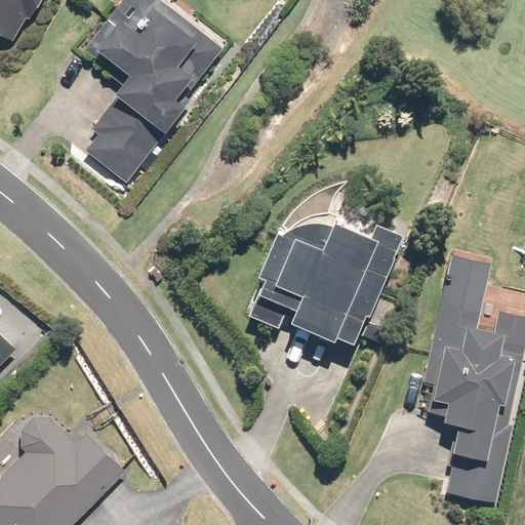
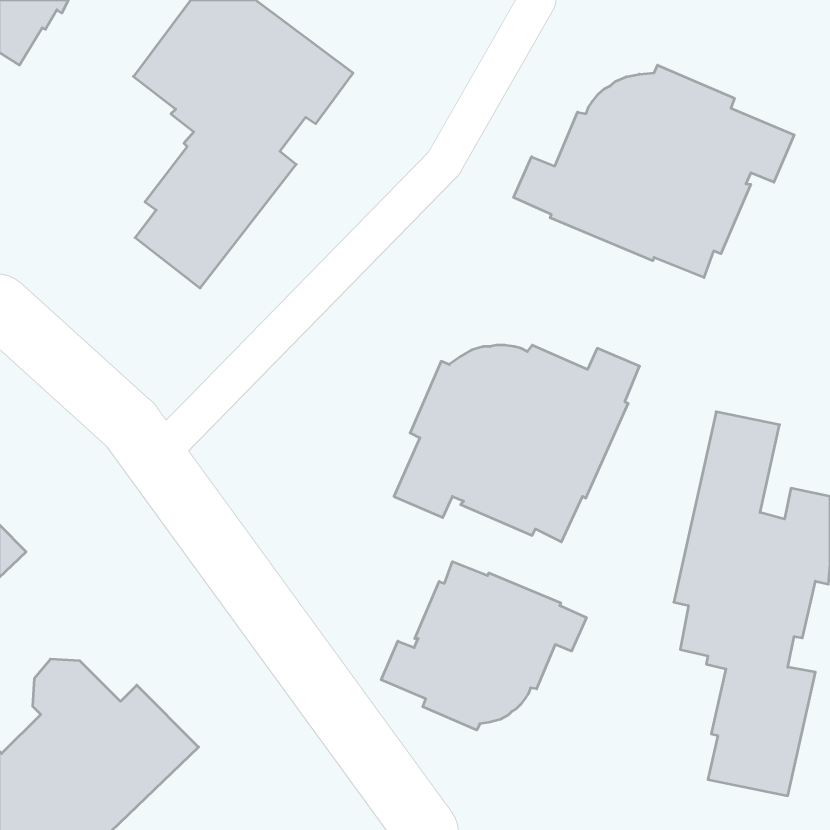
building: none -> [514,65,794,278]
building: none -> [381,562,586,730]

